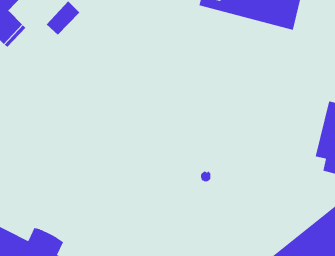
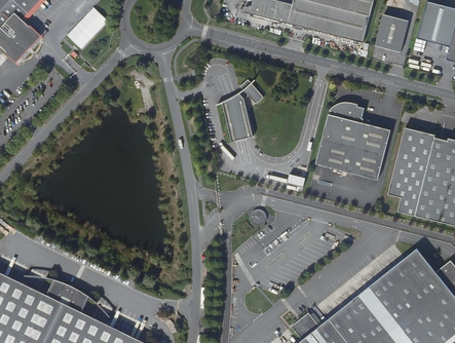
building: none -> [375,13,408,51]
building: none -> [222,78,263,140]
building: none -> [315,102,390,179]

